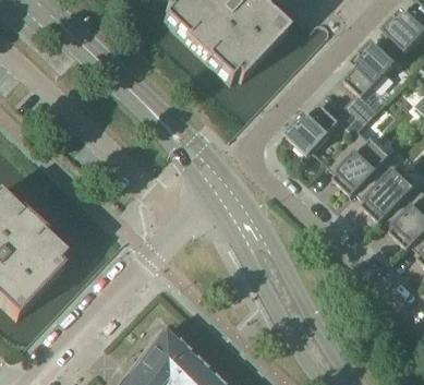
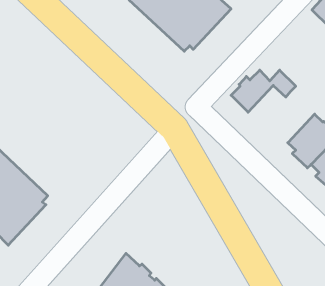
building: [347,41,396,121] -> none
building: [328,128,391,194] -> none

